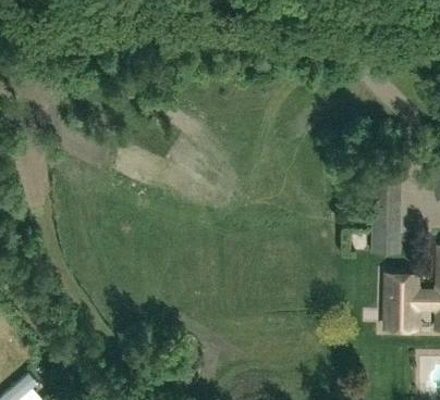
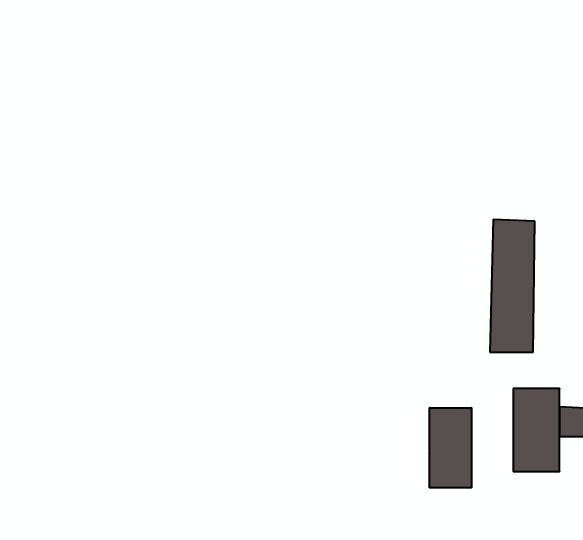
building: none -> [430,408,471,488]

